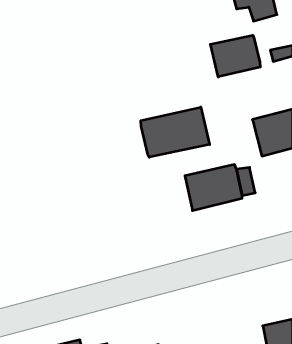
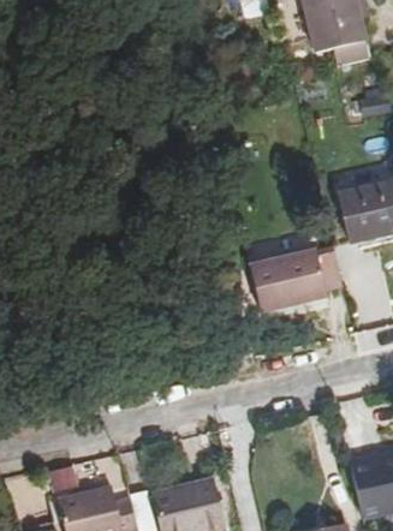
building: [210,35,260,77] -> none
building: [141,107,210,157] -> none

